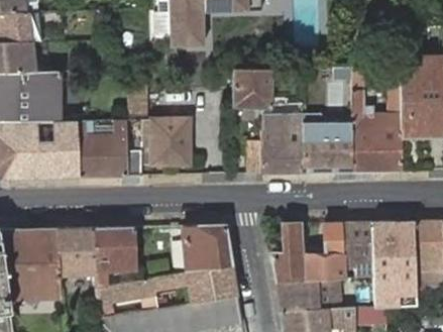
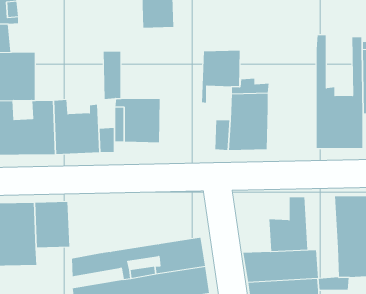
building: [302,129,352,173] -> none
building: [341,221,374,278] -> none
building: [270,223,305,281] -> none
building: [183,224,232,271] -> none
building: [93,226,136,287] -> none

